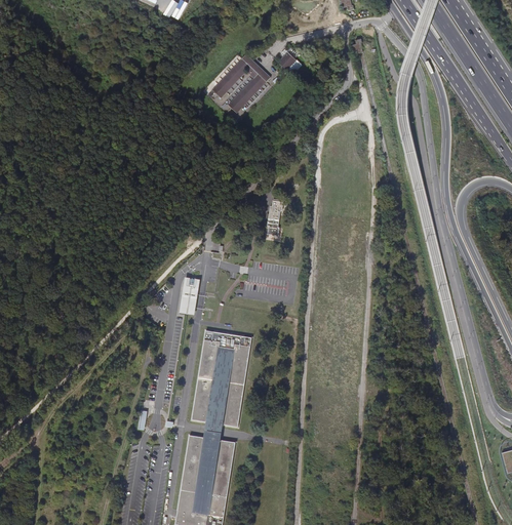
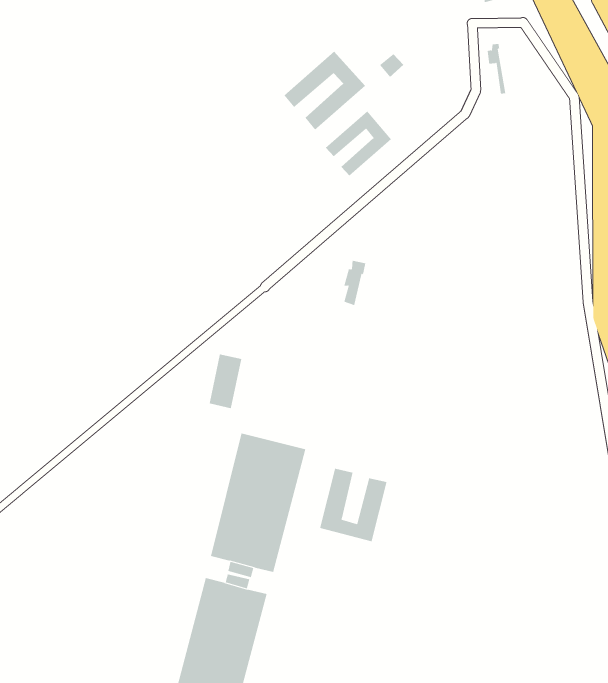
building: none -> [325,110,392,177]
building: none -> [320,468,387,542]

